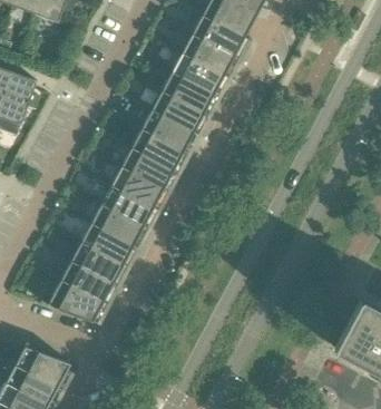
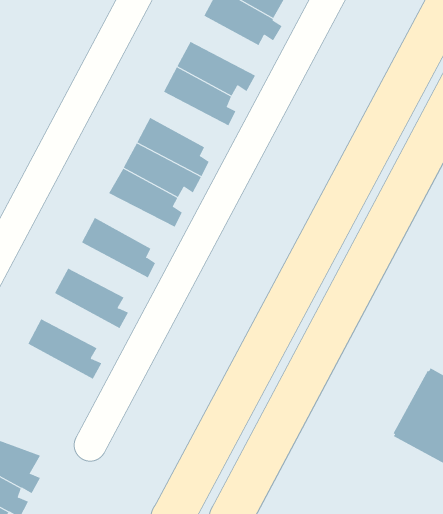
building: [182,35,236,79] -> none
building: [152,91,211,133] -> none
building: [110,167,170,208] -> none
building: [90,204,150,245] -> none
building: [70,242,129,283] -> none
building: [47,280,109,322] -> none

